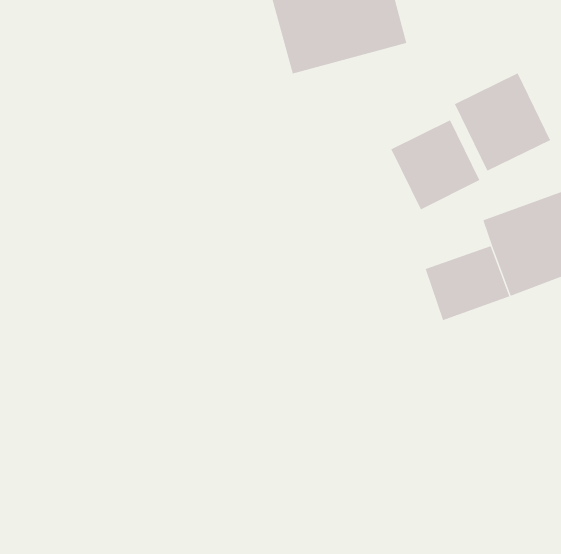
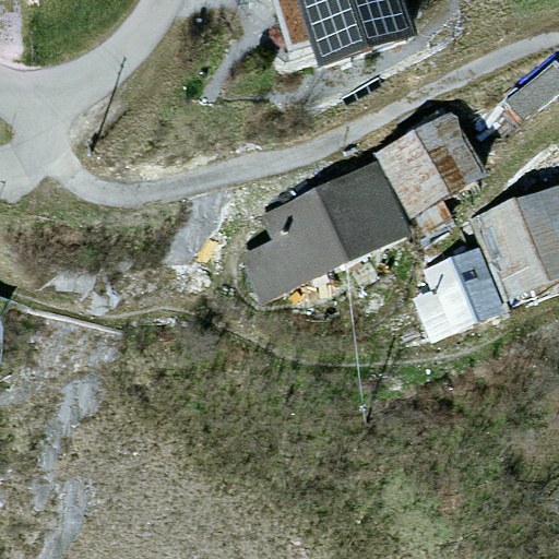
building: [454,73,551,172] -> none
building: none -> [252,164,412,288]

